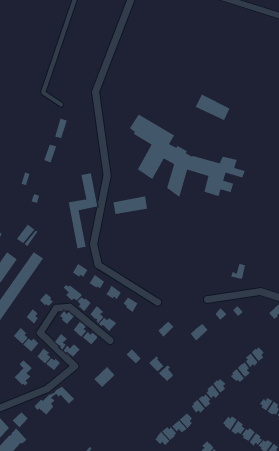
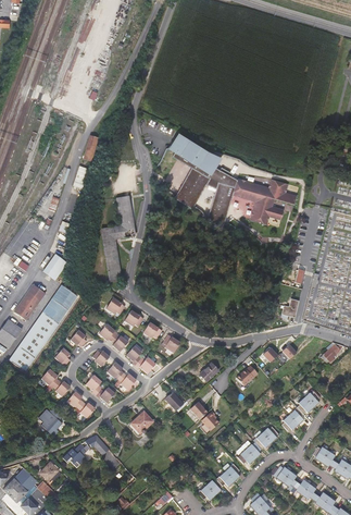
building: [194,94,231,121] -> none
building: [112,196,148,215] -> none

